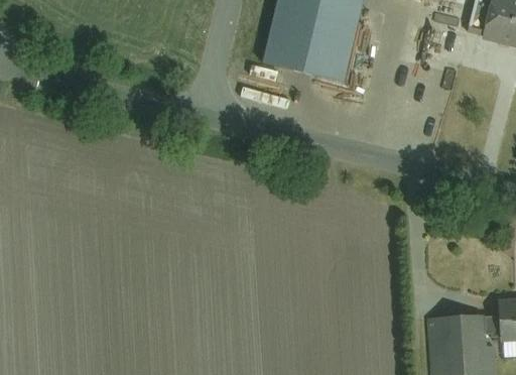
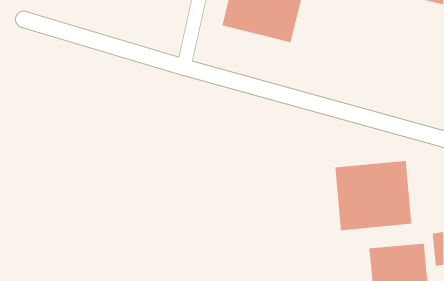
building: none -> [334,160,412,231]

